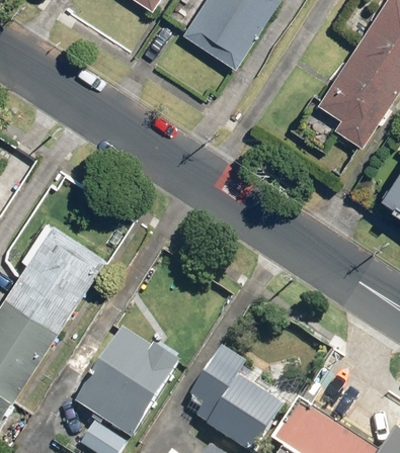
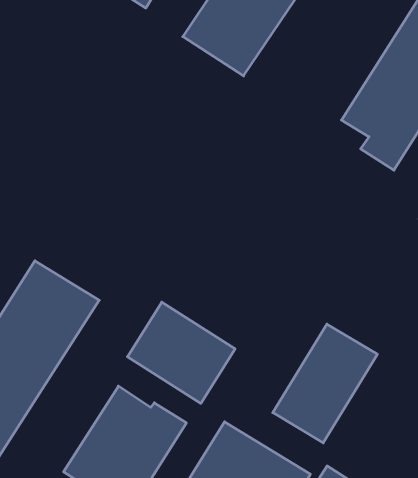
building: none -> [127,302,235,403]
building: none -> [273,324,377,443]

